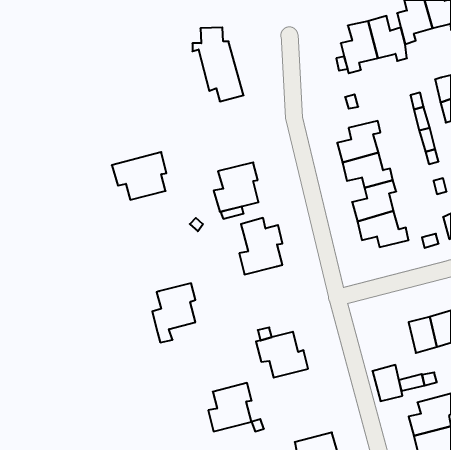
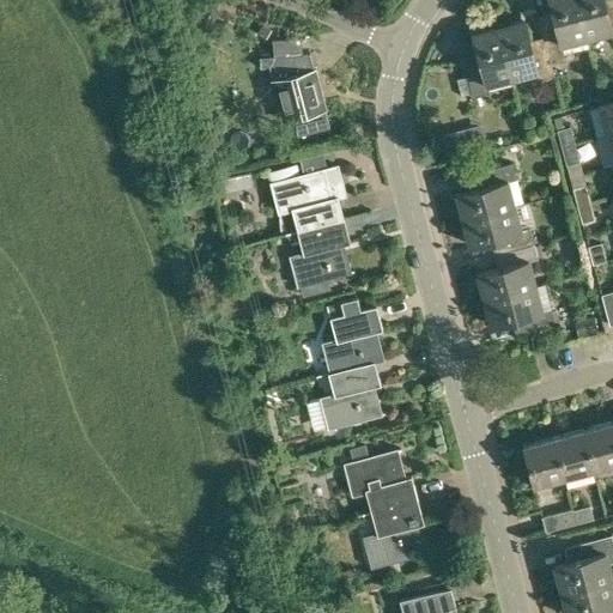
building: [112,152,166,200] -> [271,169,345,233]
building: [152,283,195,342] -> [322,363,381,443]
building: [372,365,402,401] -> [523,438,564,487]
building: [208,383,252,431] -> [365,502,424,568]

